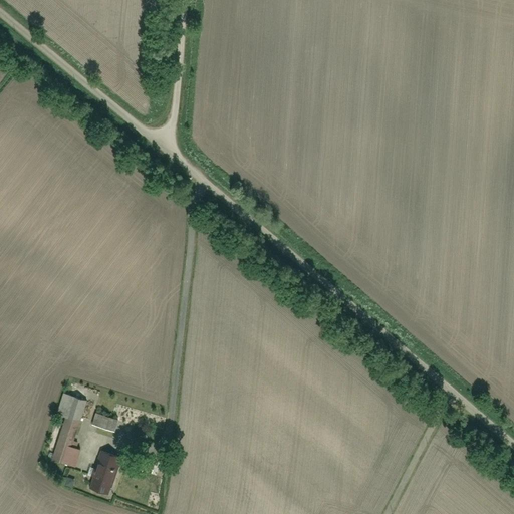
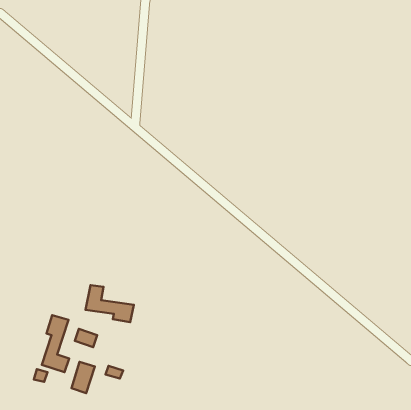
building: none -> [85,285,134,322]

